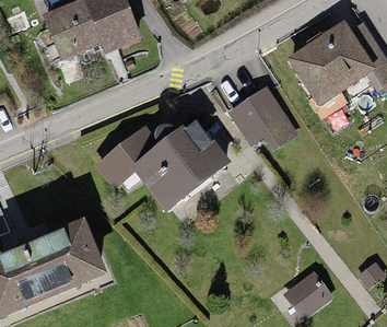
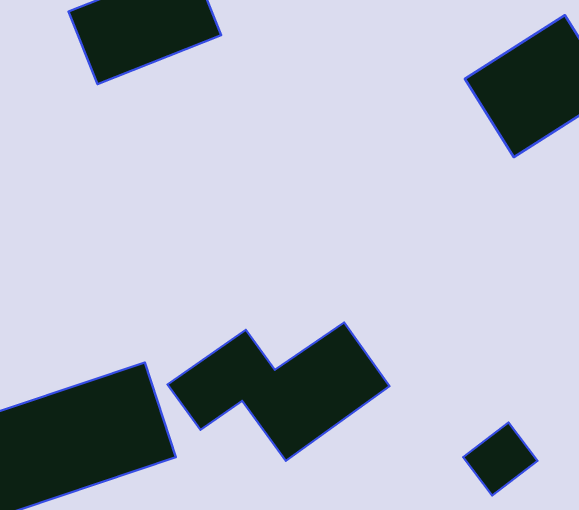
building: [233,86,296,149] -> none
building: [95,124,228,207] -> [168,322,389,461]

